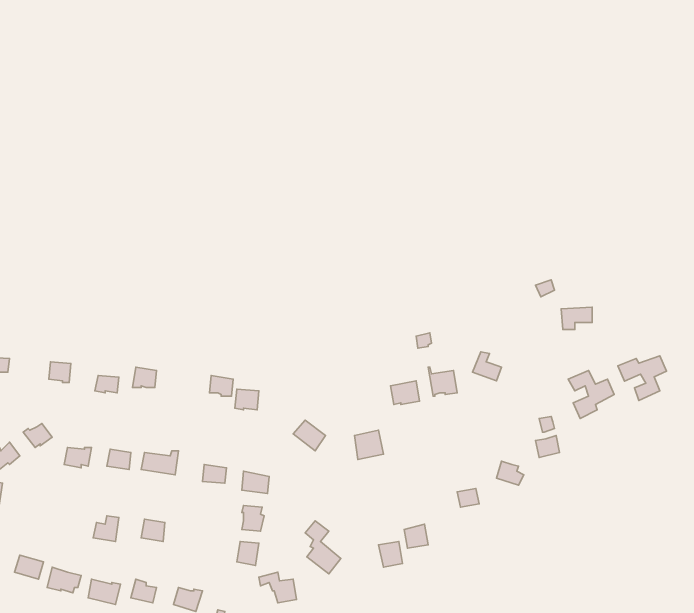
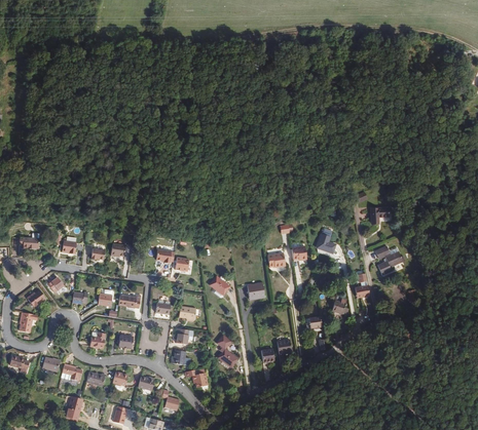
building: [618,356,666,401] -> none

